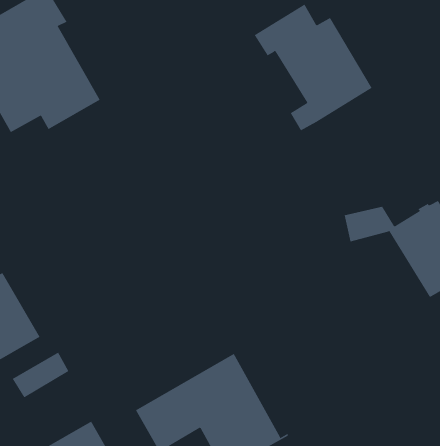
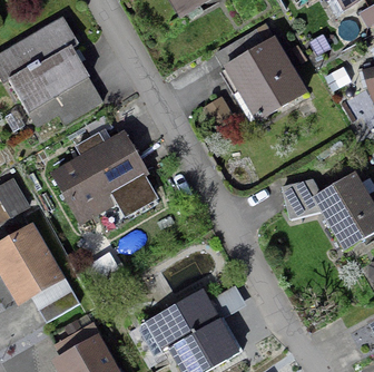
building: none -> [56,131,155,211]

